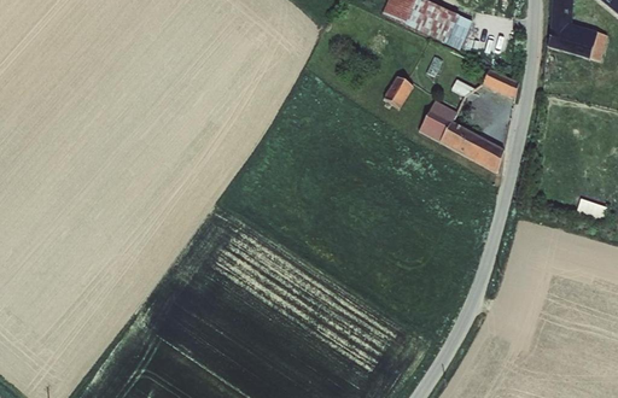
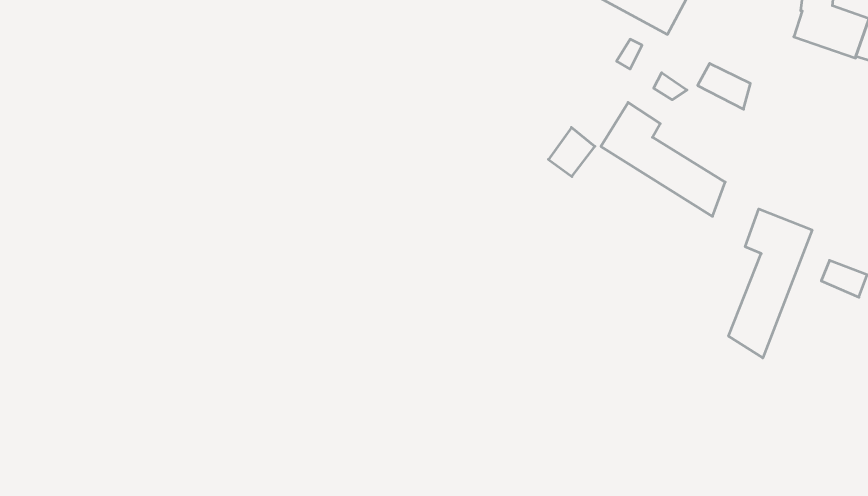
building: [384,75,415,109] -> [548,127,595,177]
building: none -> [729,209,812,358]

